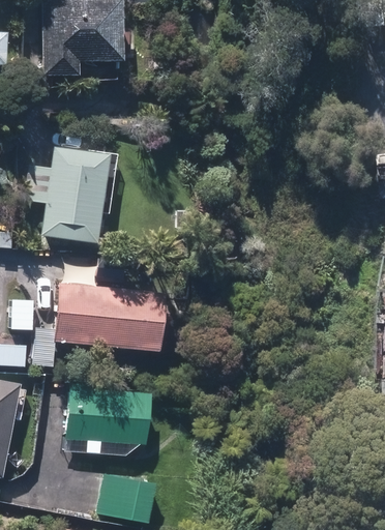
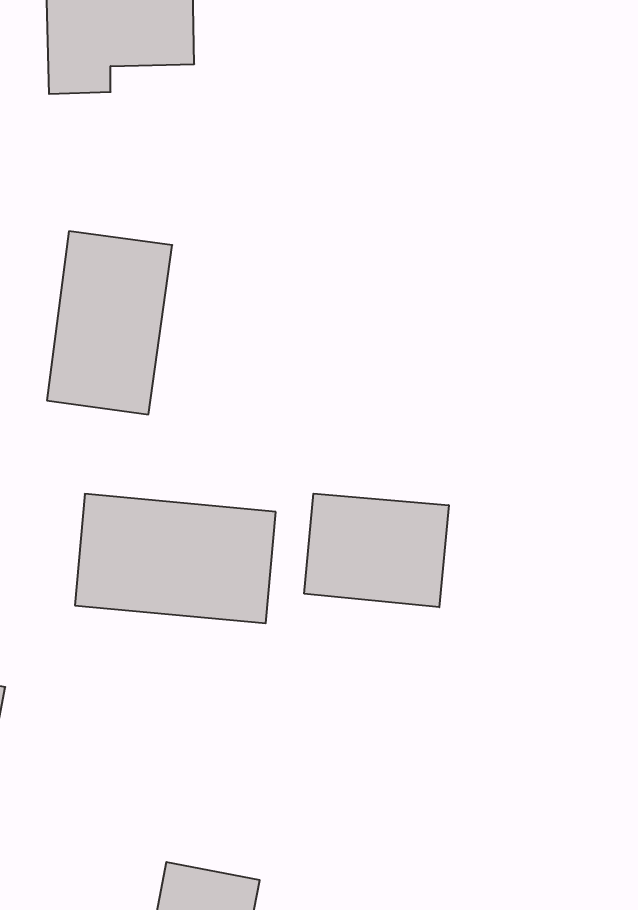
building: none -> [304,494,449,607]
building: [69,387,149,443] -> none

